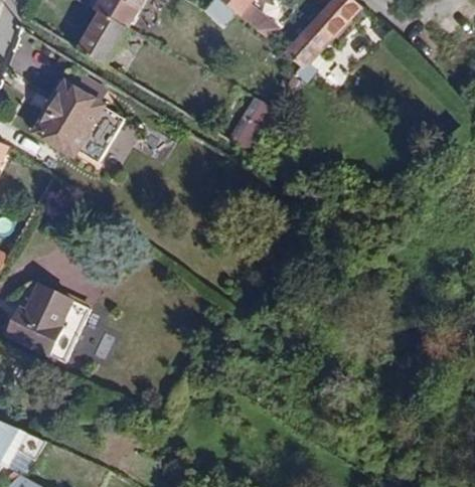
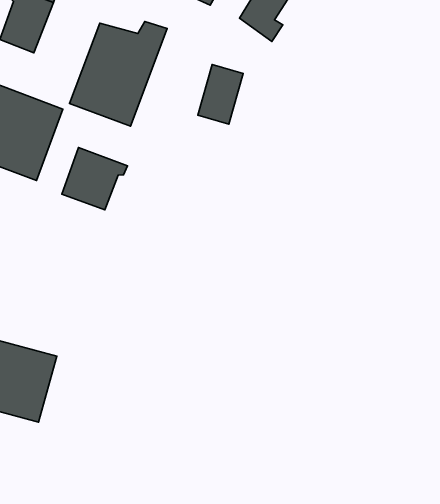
building: none -> [69,22,167,126]
building: none -> [62,148,128,210]

